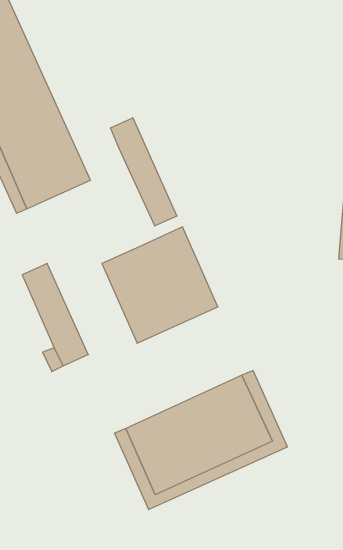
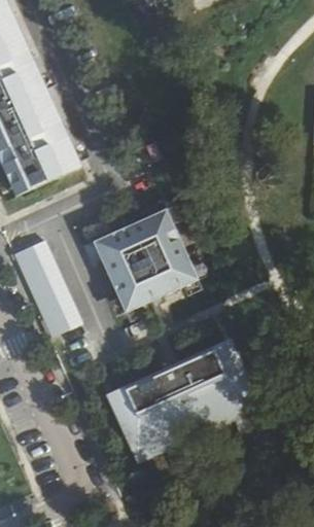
building: [111,118,177,226] -> none

